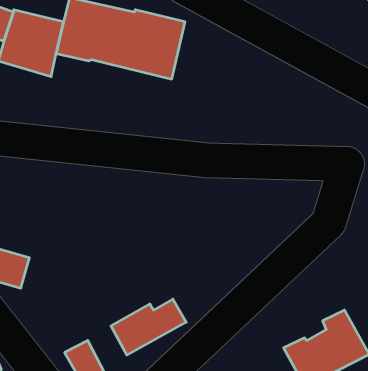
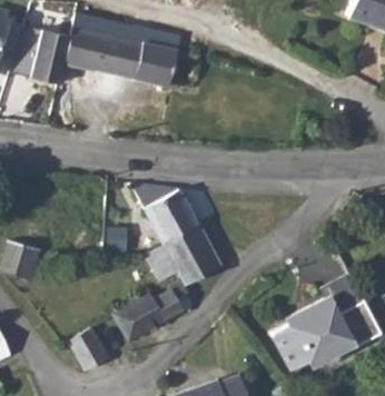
building: none -> [132,184,219,281]

